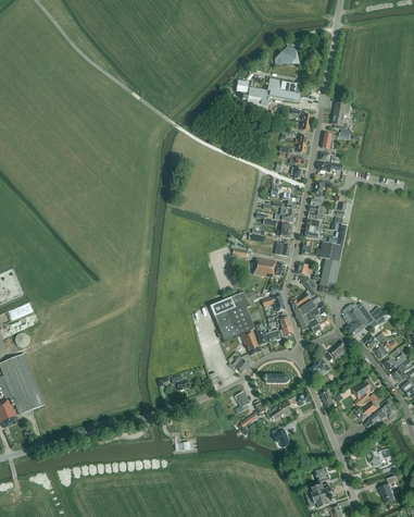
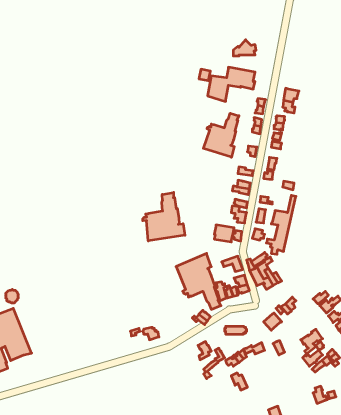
building: none -> [203,113,239,157]
building: none -> [143,192,185,241]
building: [342,303,388,336] -> none

